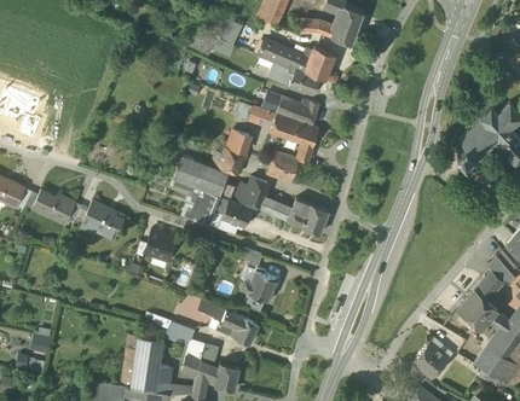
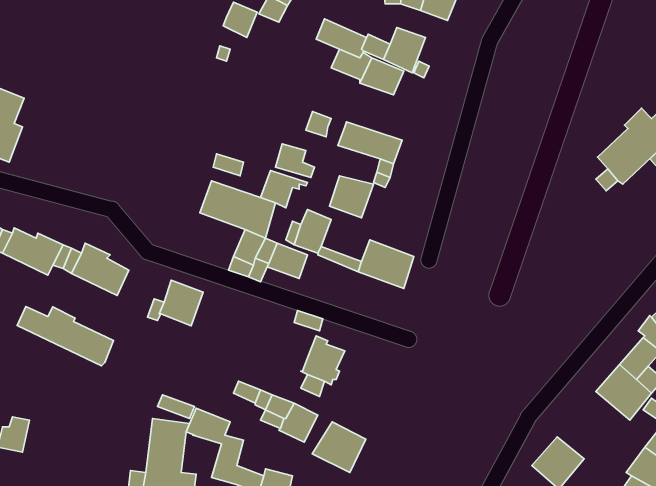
building: [262,92,319,124] -> none
building: none -> [17,306,114,366]
building: none -> [312,422,366,473]

